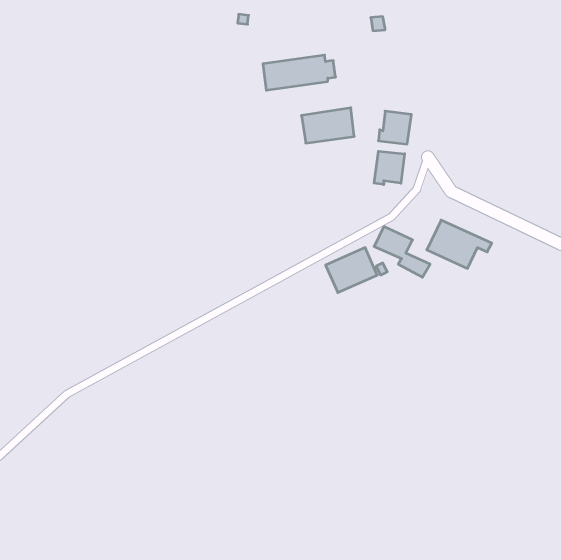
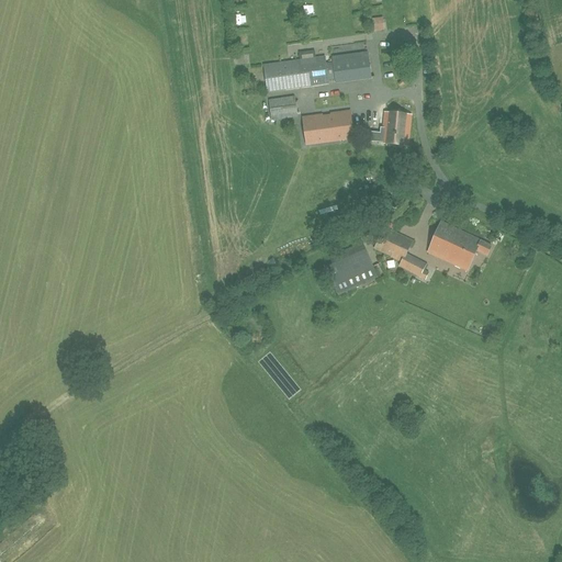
building: none -> [331,55,370,80]
building: none -> [268,94,296,117]
building: [374,151,405,185] -> none

